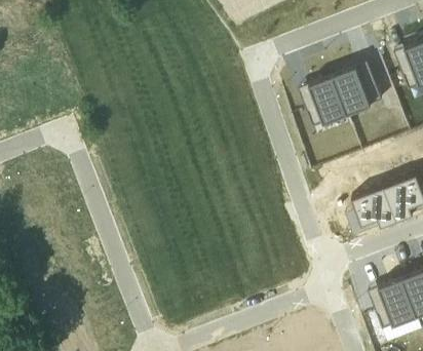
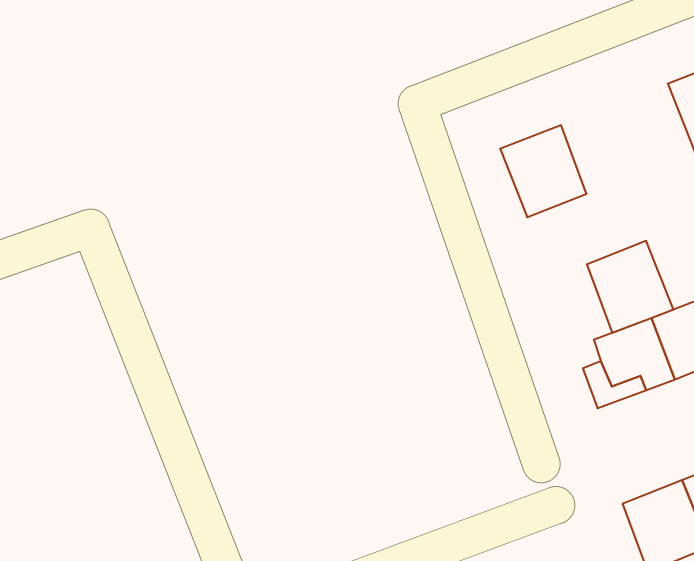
building: [336,61,385,113] -> [587,241,673,333]

